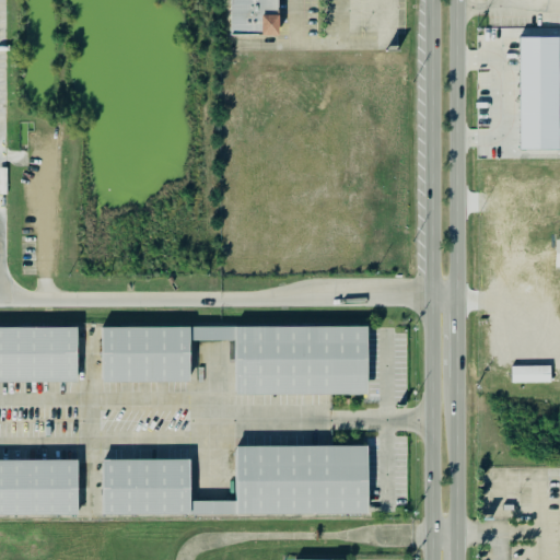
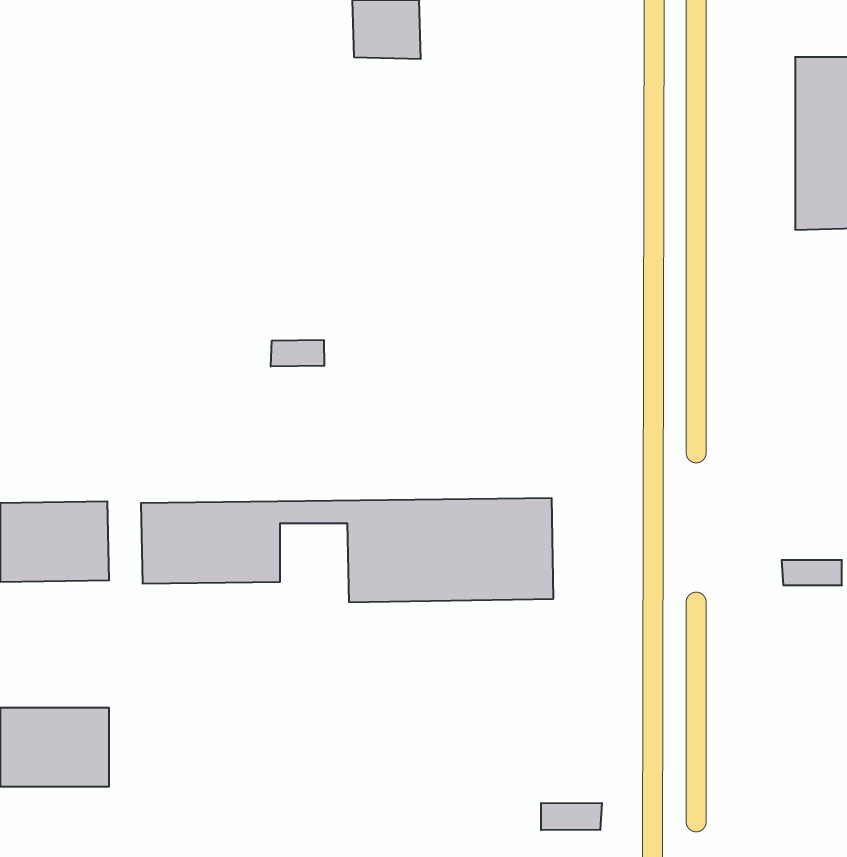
building: none -> [271,340,324,367]
building: [100,446,368,513] -> none
building: none -> [541,803,602,830]

